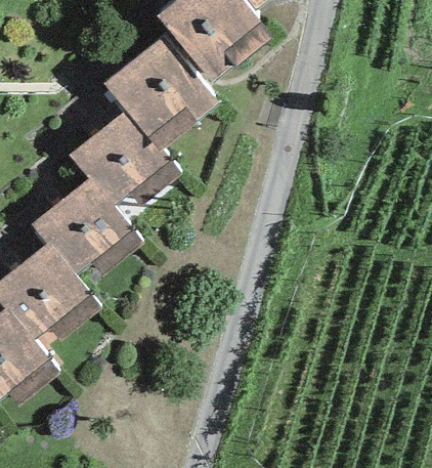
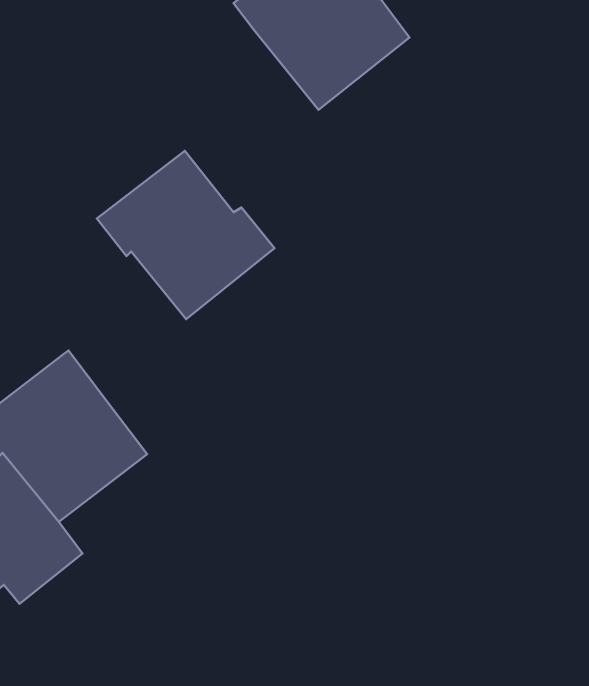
building: [103,31,216,150] -> none
building: [29,175,142,274] -> none

